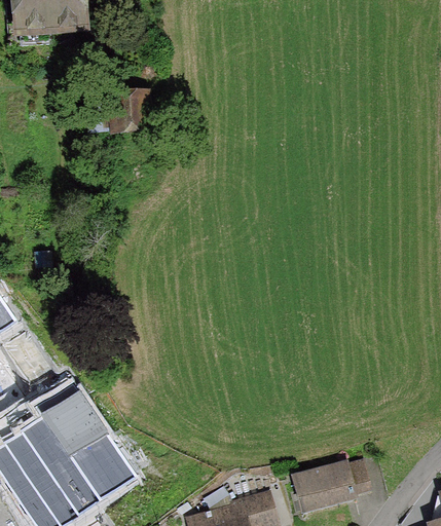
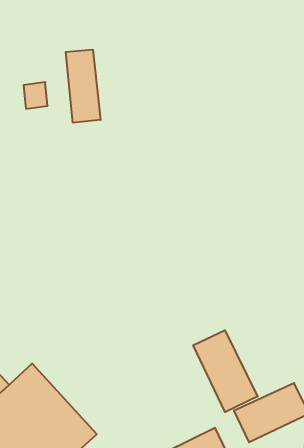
building: none -> [66,50,101,123]
building: none -> [193,330,258,412]

